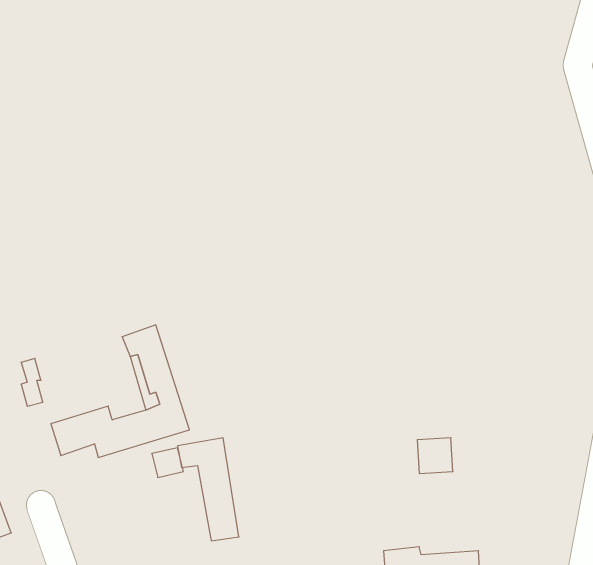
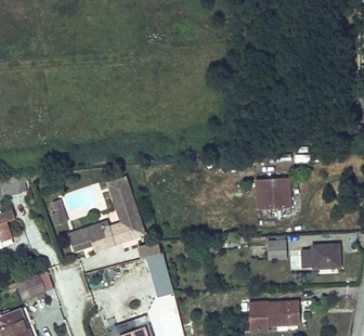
building: none -> [254,177,288,207]
building: none -> [301,243,340,267]

